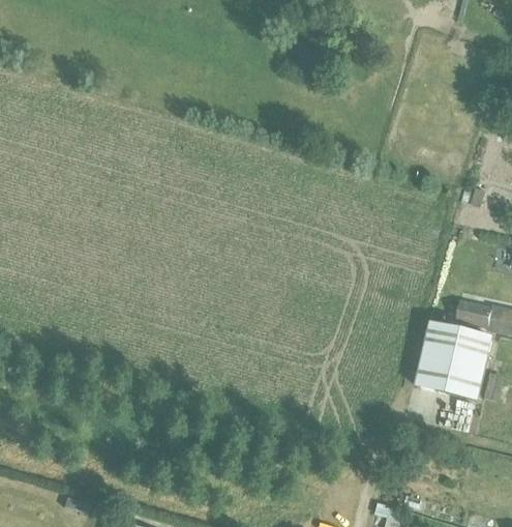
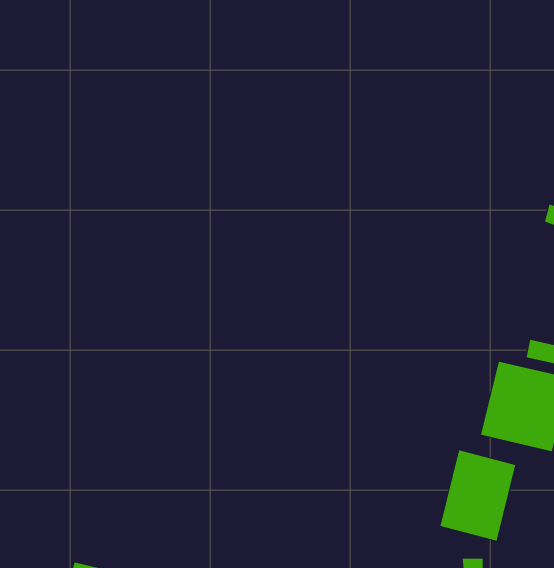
building: none -> [440,449,516,542]

